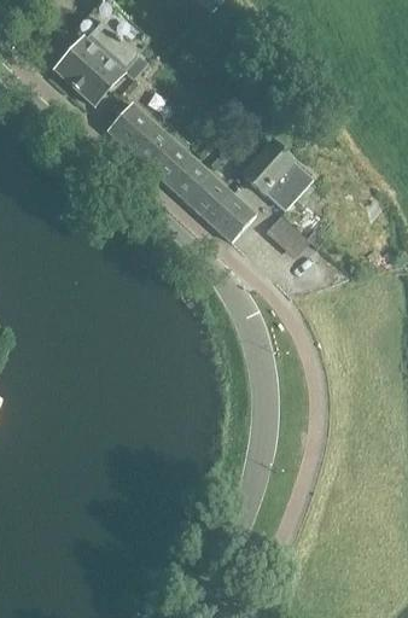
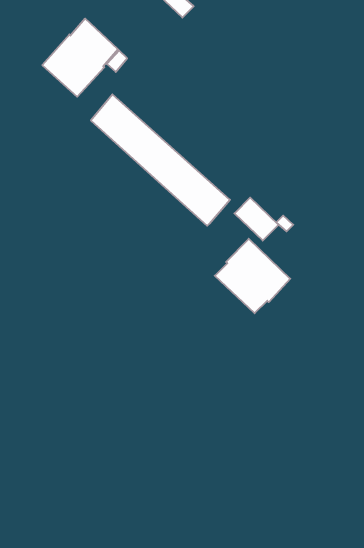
building: [237,139,297,210] -> none
building: none -> [215,239,290,313]

